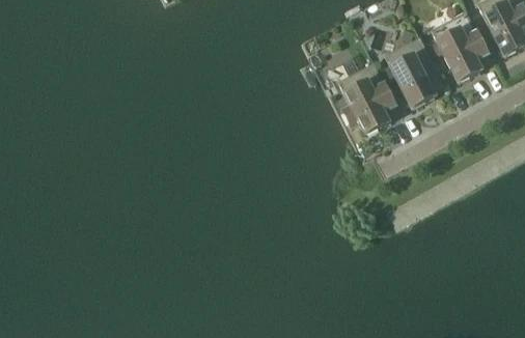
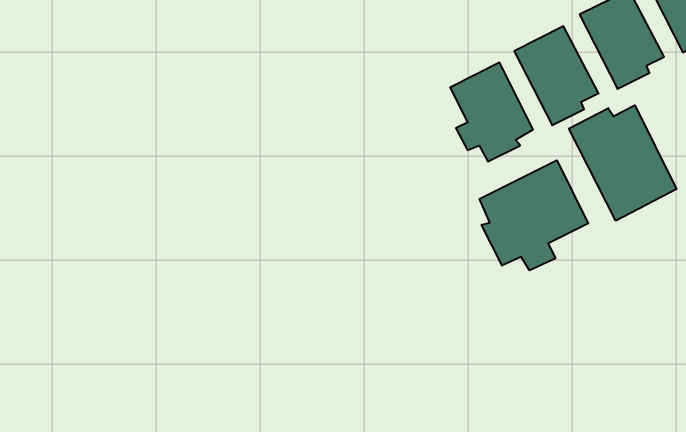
building: none -> [569,105,677,221]
building: none -> [480,160,588,270]

